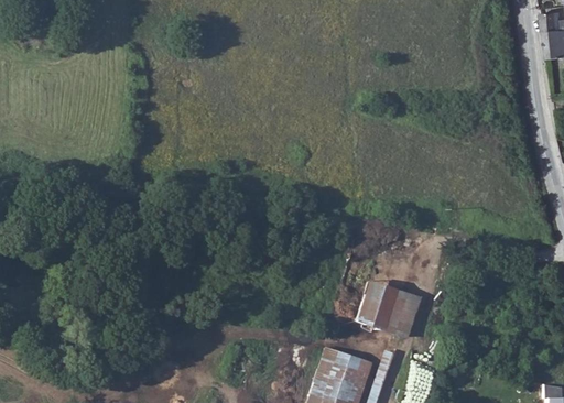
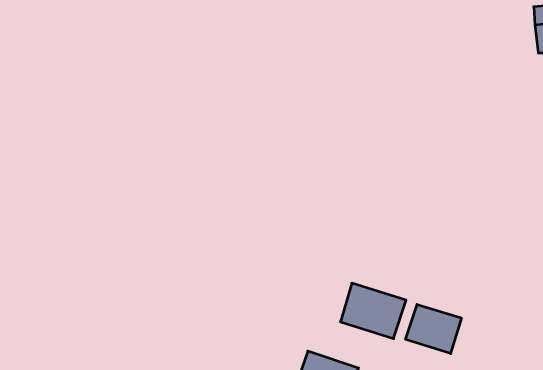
building: none -> [406,304,461,354]

